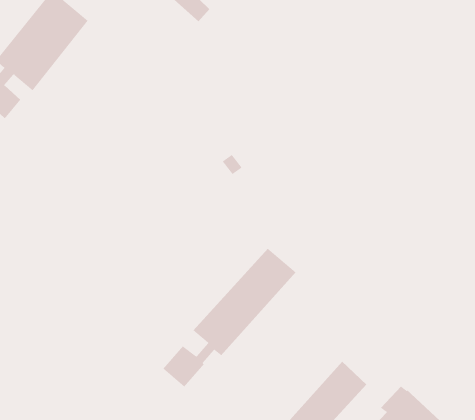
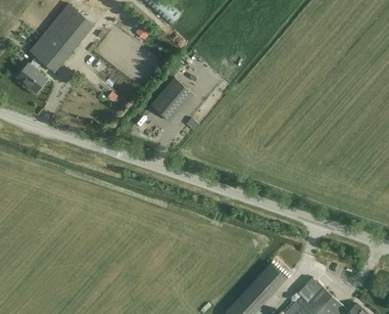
building: none -> [149,78,192,122]
building: [162,248,297,387] -> none

